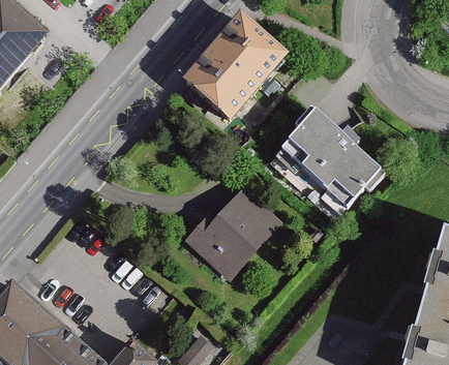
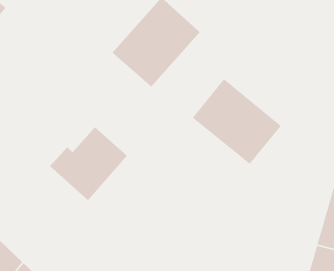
building: [184,188,278,277] -> [49,126,128,201]

